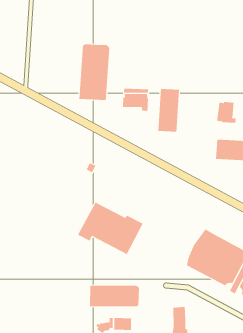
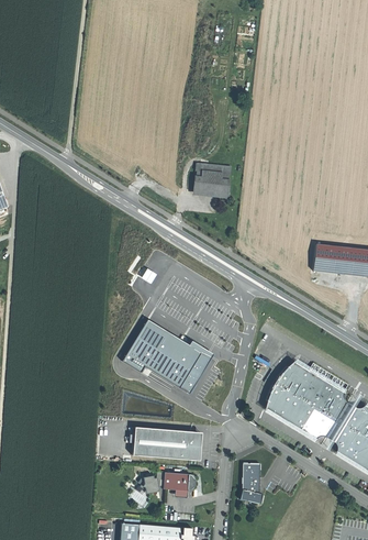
building: [79,44,110,101] -> none
building: [158,88,180,132] -> none
building: [217,101,236,123] -> none

